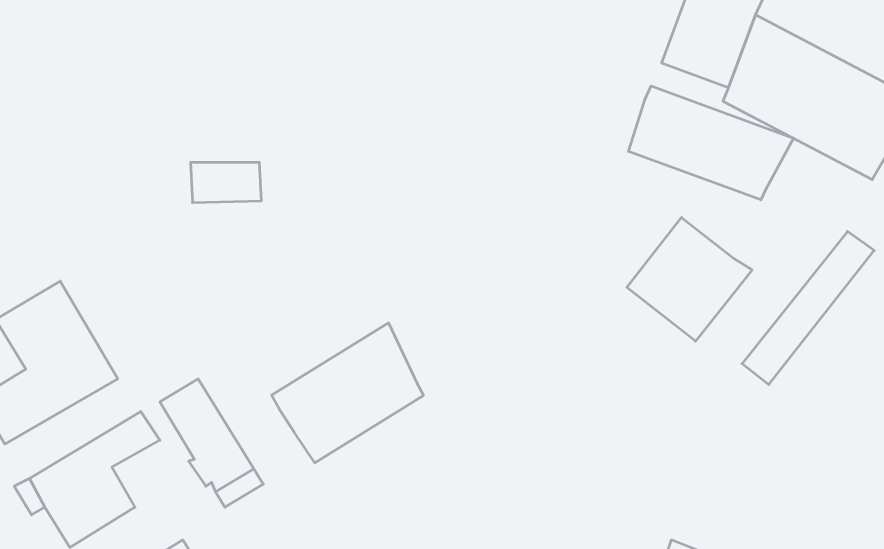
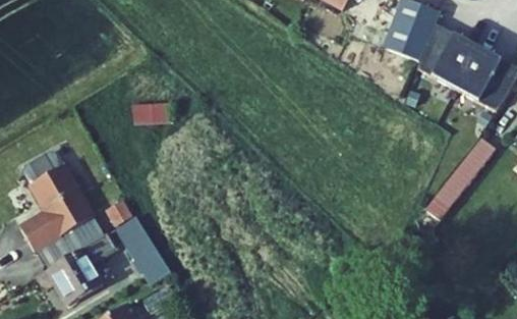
building: [629,86,793,200] -> none
building: [627,217,752,341] -> none
building: [272,323,423,463] -> none

